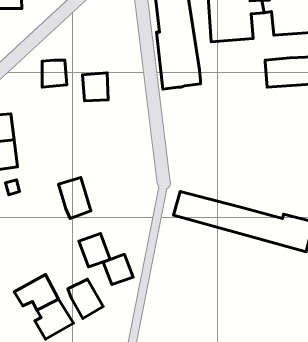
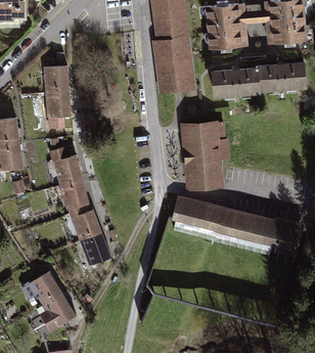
building: none -> [212,70,260,98]
building: [82,73,108,101] -> [46,91,71,118]
building: none -> [181,121,230,189]
building: none -> [52,148,83,185]
building: [103,254,133,285] -> [73,211,101,239]
building: [68,279,103,318] -> none

